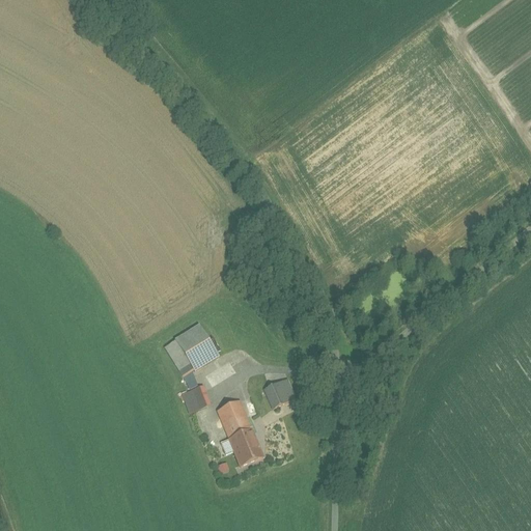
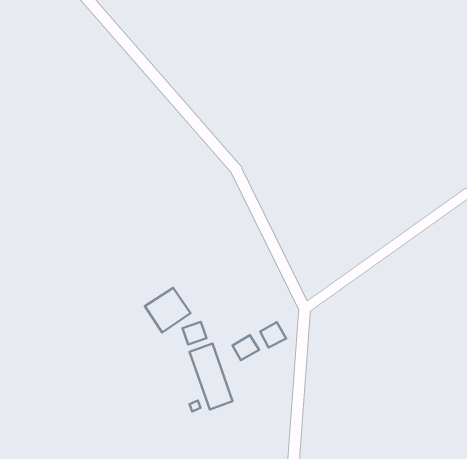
building: none -> [260,322,286,347]
building: [181,386,208,412] -> [183,322,206,345]

